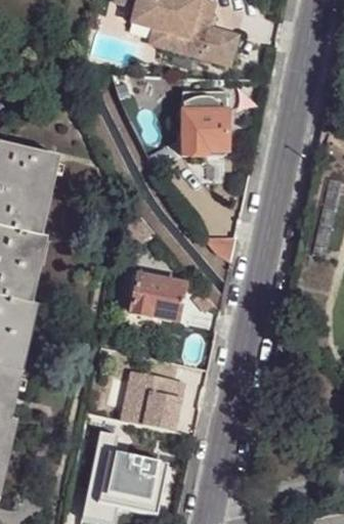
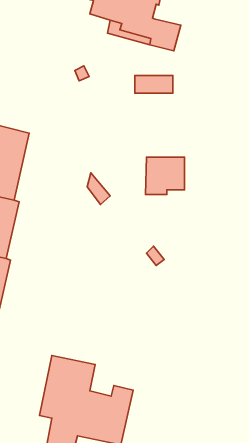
building: [180,113,225,156] -> [146,157,184,194]
building: [130,274,183,319] -> none
building: [121,368,183,429] -> none

